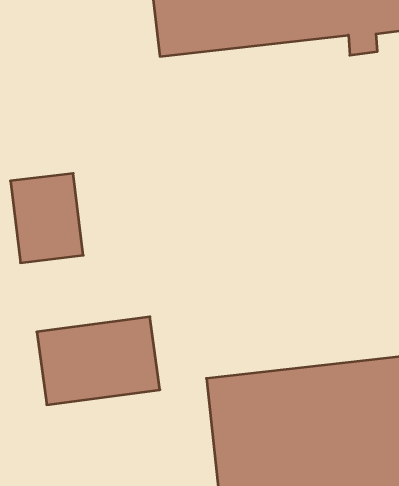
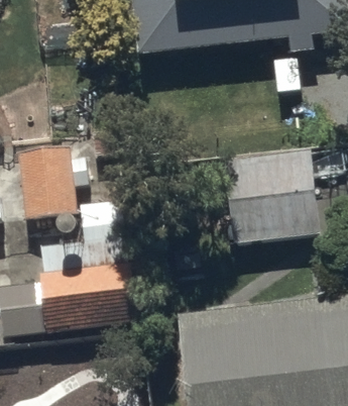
building: none -> [222,150,321,245]

